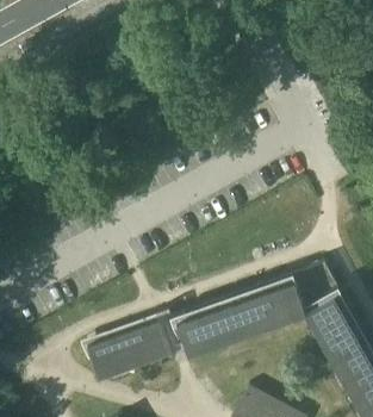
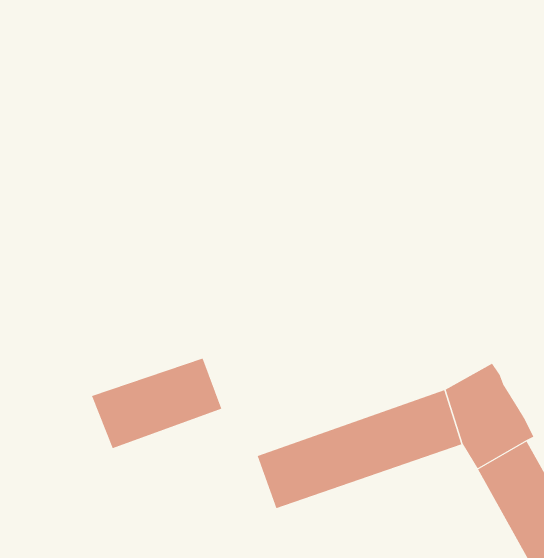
building: [86,322,168,379] -> [91,358,222,449]

